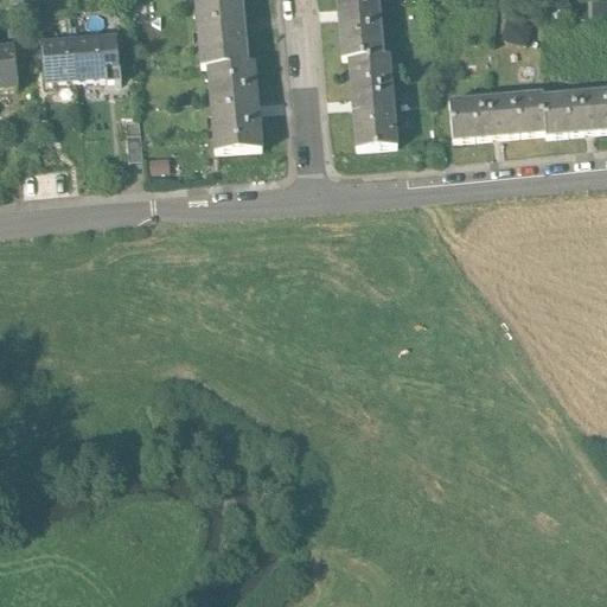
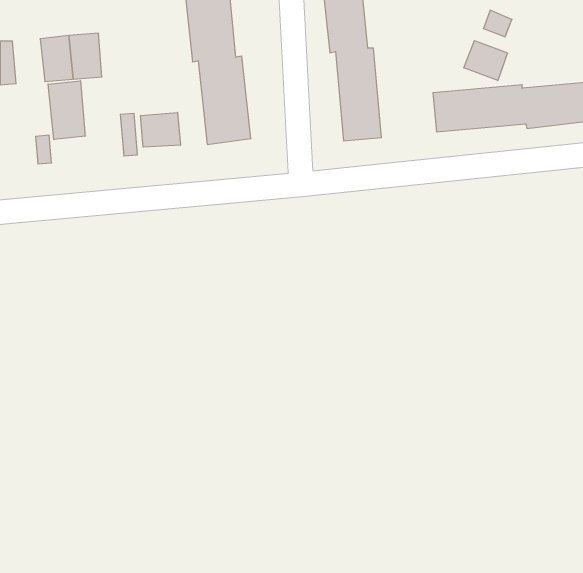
building: none -> [464,41,507,81]
building: none -> [48,81,85,140]
building: none -> [141,112,180,147]

